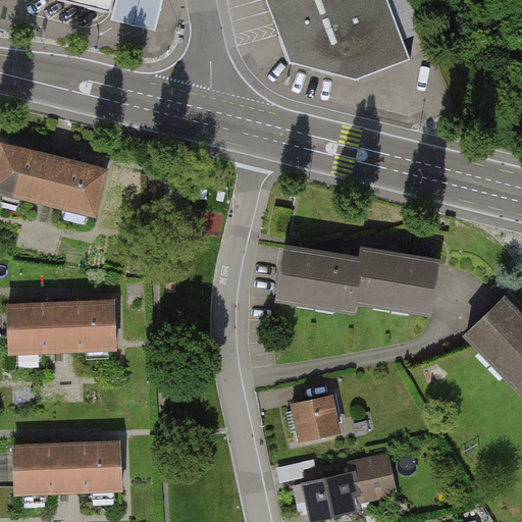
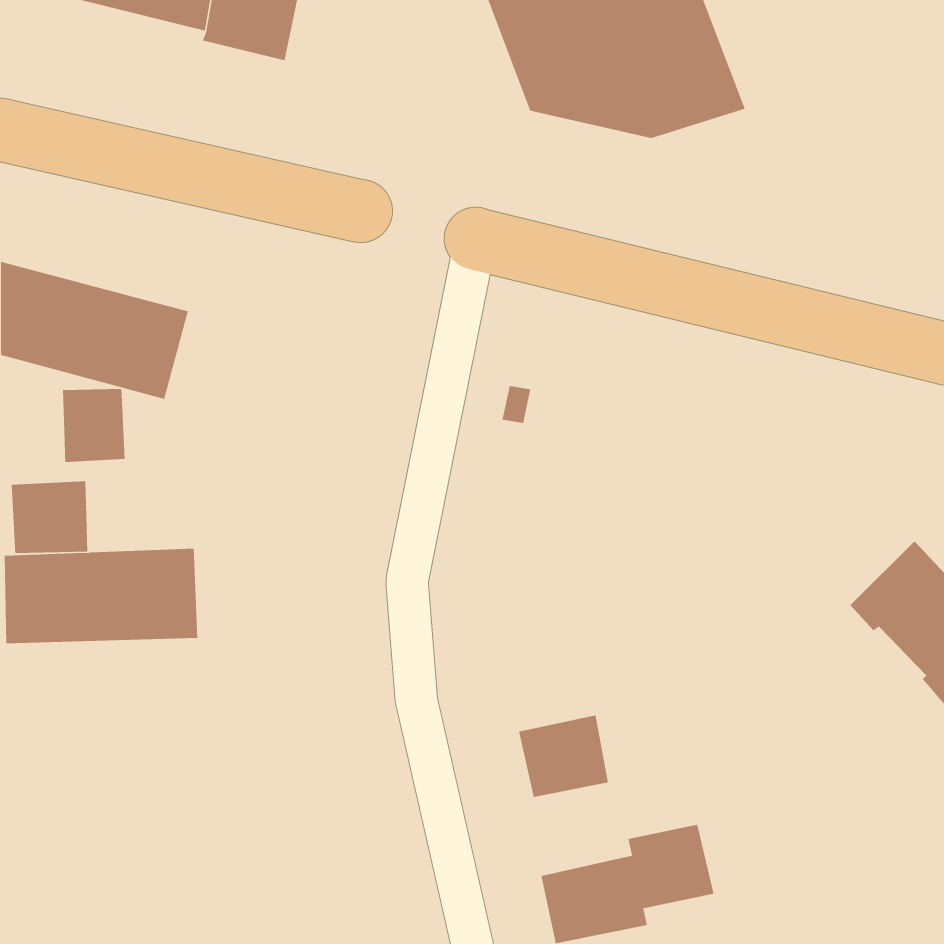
building: none -> [62,388,125,463]
building: [279,249,441,313] -> none
building: none -> [11,481,88,554]
building: [7,440,115,494] -> none

